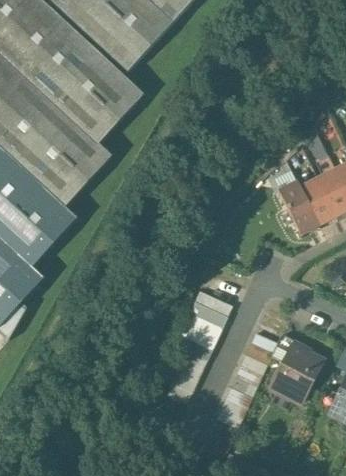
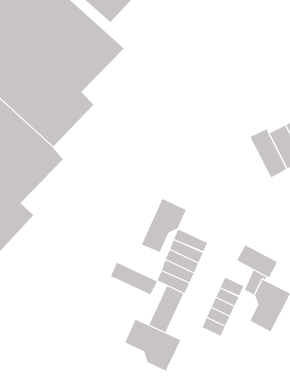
building: none -> [141,198,187,253]
building: none -> [237,244,278,278]
building: none -> [110,262,158,295]
building: none -> [124,319,181,372]

